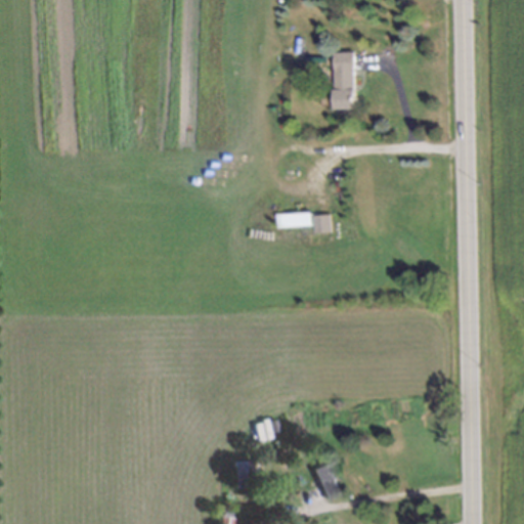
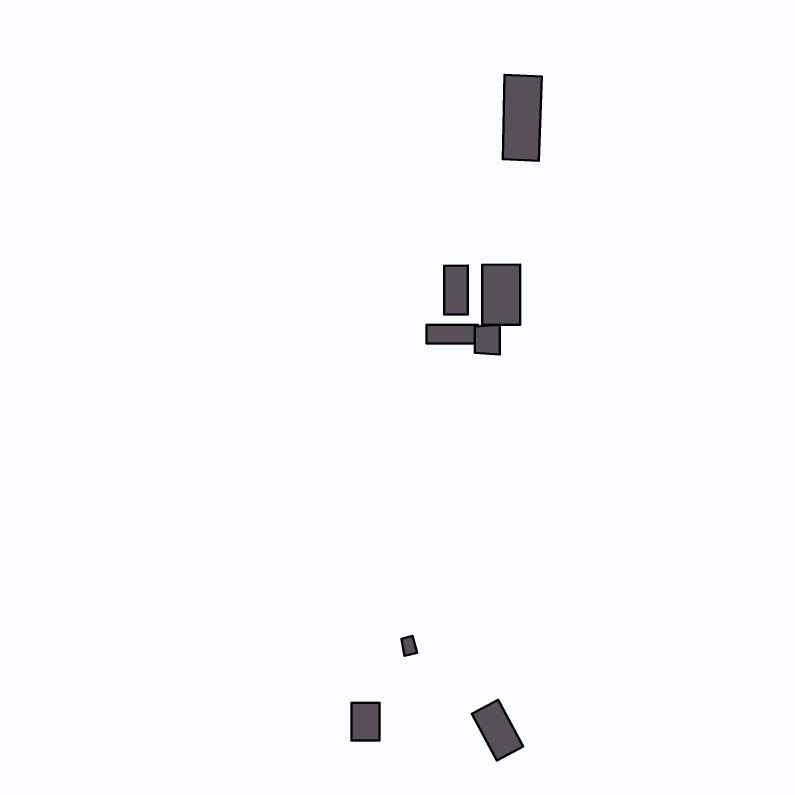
building: none -> [482,265,520,325]
building: none -> [444,266,468,315]

